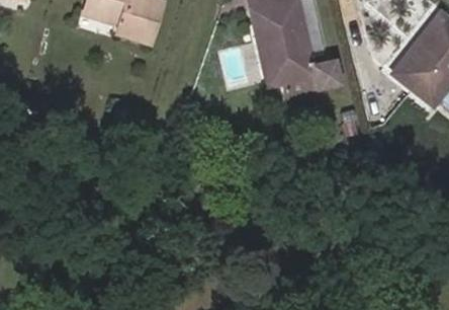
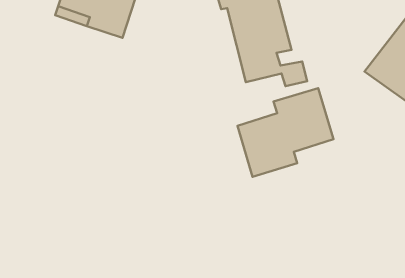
building: none -> [237,88,333,177]

